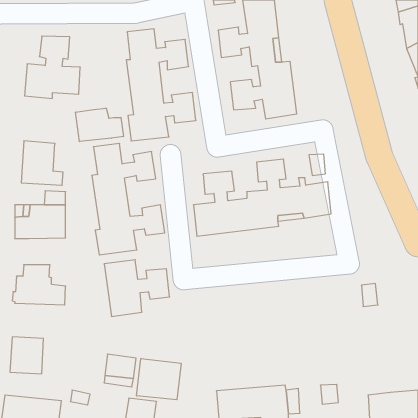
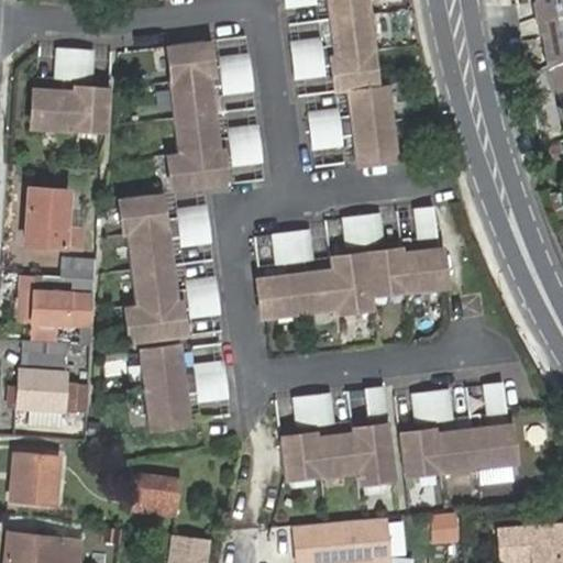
building: [76,108,123,142] -> none
building: none -> [37,320,88,342]
building: none -> [283,386,396,479]
building: none -> [400,388,515,473]
building: [137,358,181,400] -> none

